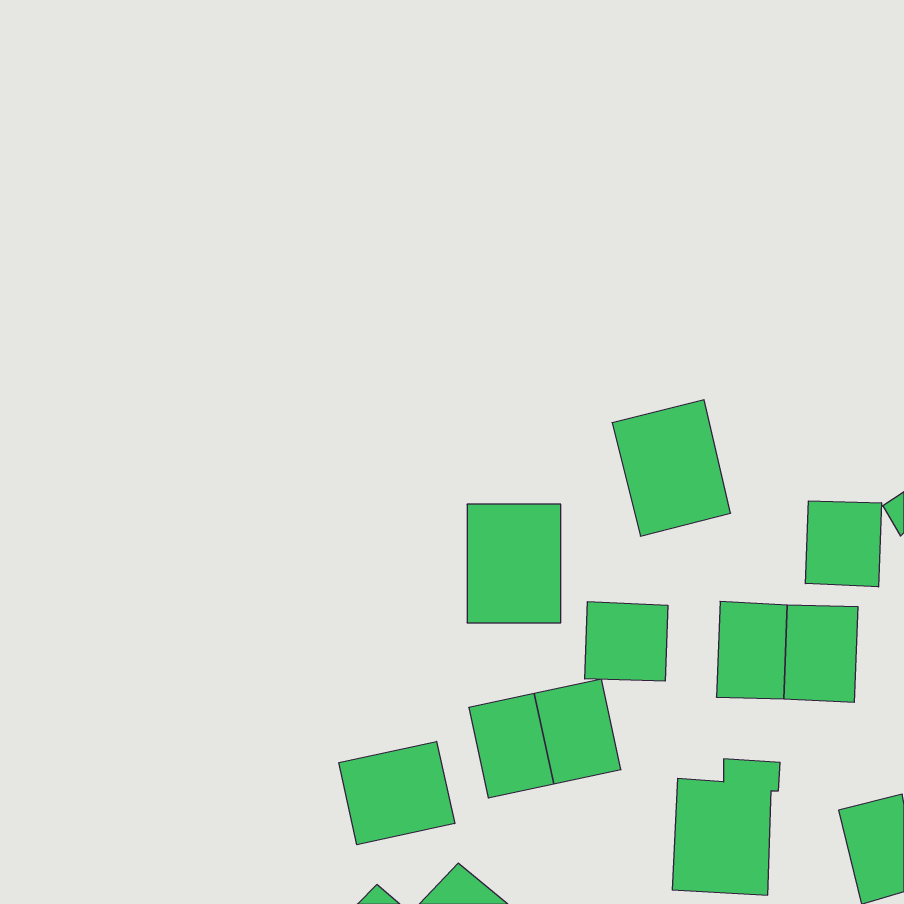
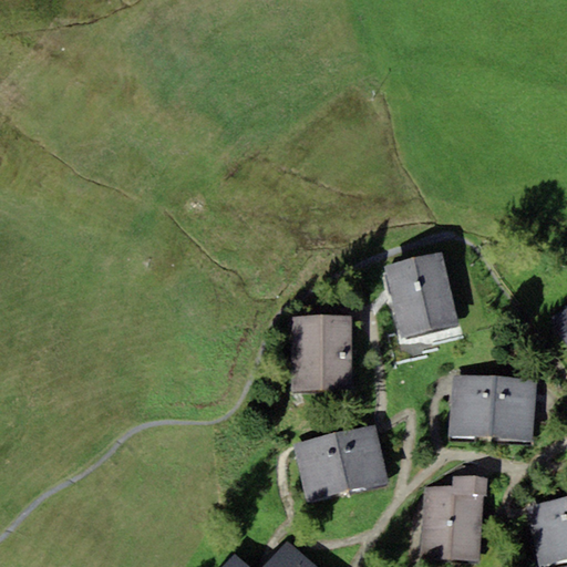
building: [805,501,881,587] -> none
building: [585,602,668,681] -> none
building: [339,741,455,845] -> none

